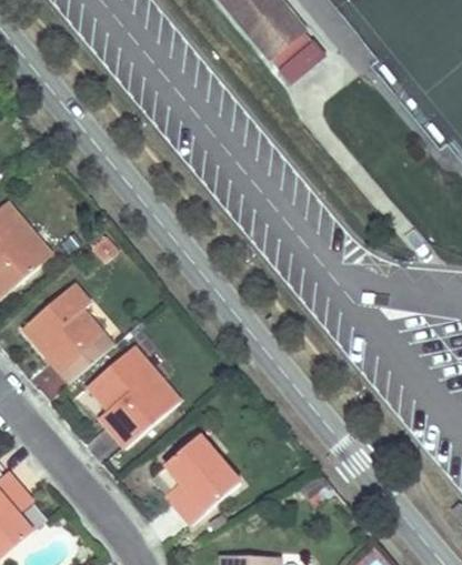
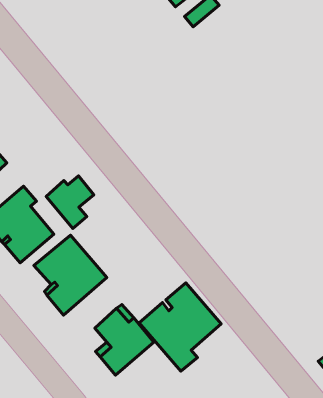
building: none -> [46,176,94,228]
building: none -> [139,283,221,371]

